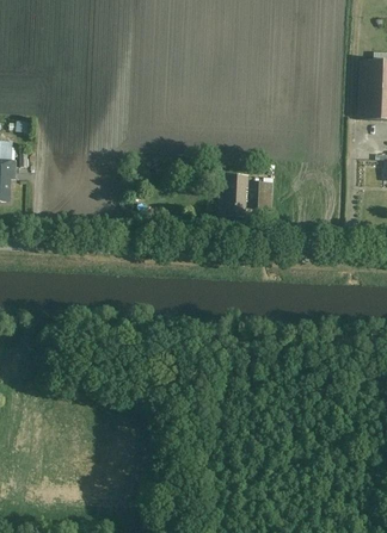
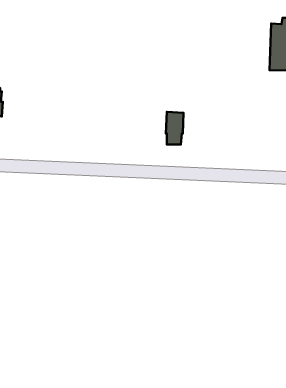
building: [252,182,272,215] -> none

